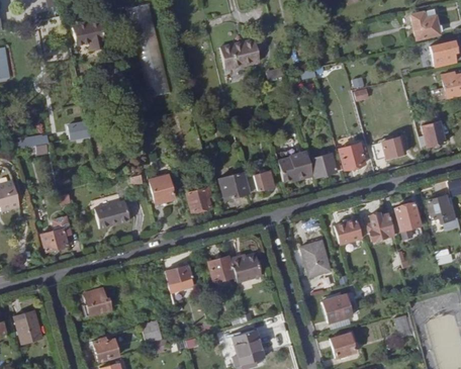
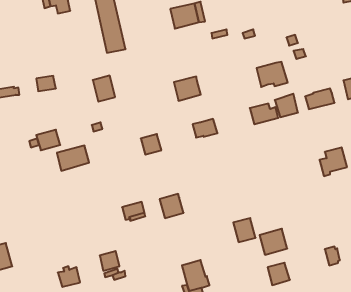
building: [278,153,313,181] -> [257,62,288,87]
building: [219,172,250,199] -> [174,77,201,101]
building: [150,174,175,203] -> [93,76,115,102]
building: [370,213,394,242] -> none
building: [335,220,362,244] -> none
building: [40,228,68,252] -> [36,130,60,150]
building: [301,242,327,269] -> [233,218,256,242]
building: [230,257,261,283] -> none
building: [83,289,110,315] -> none

